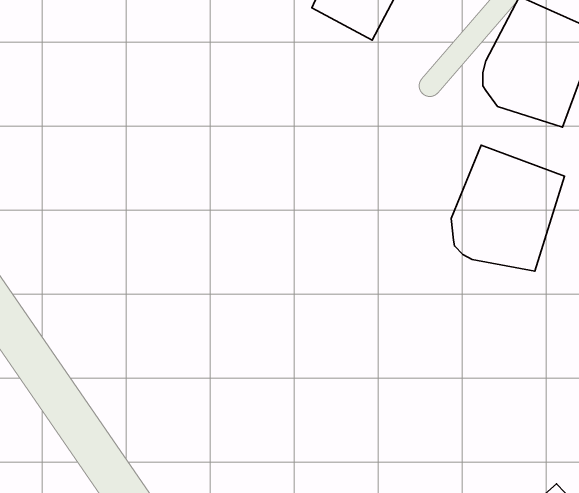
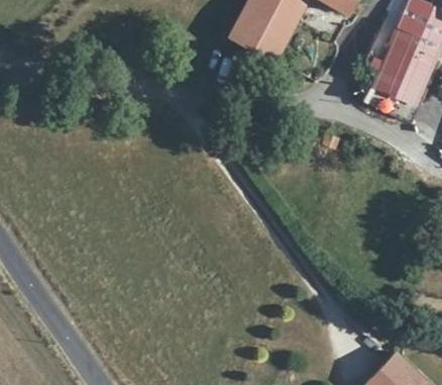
building: [451,145,564,271] -> none

